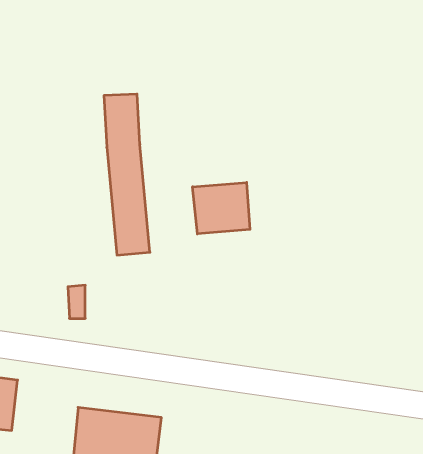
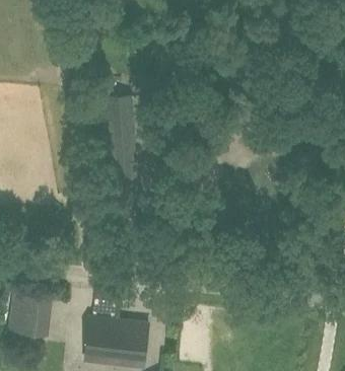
building: [193,182,250,234] -> none

